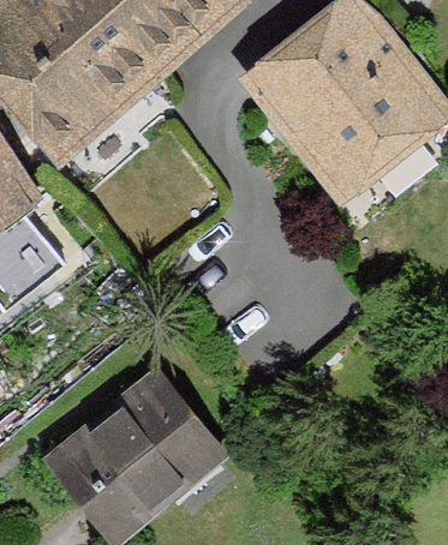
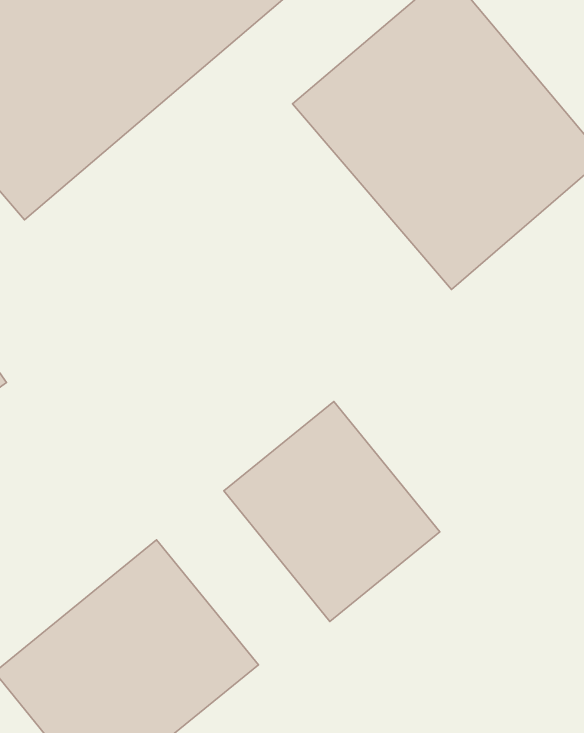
building: none -> [224,402,440,621]

